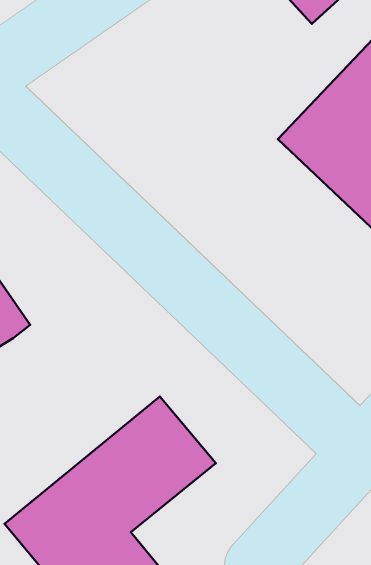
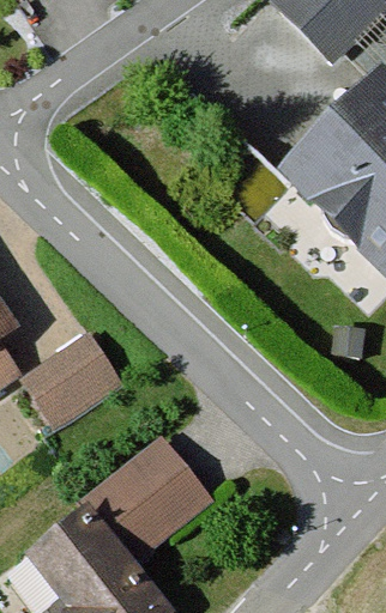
building: none -> [20,326,127,429]

